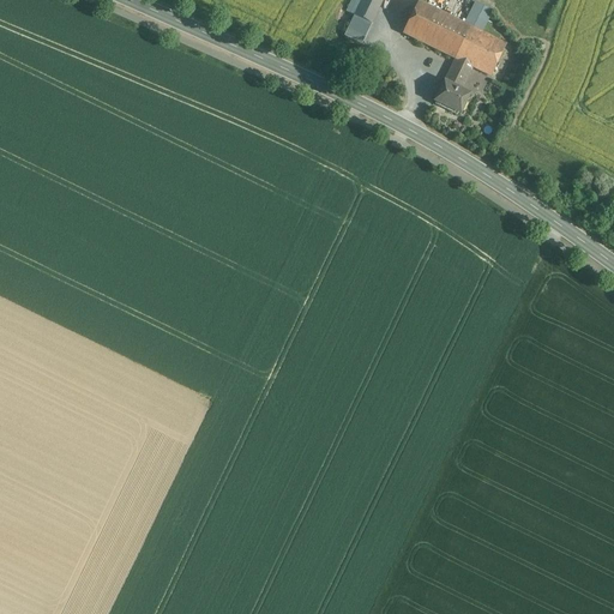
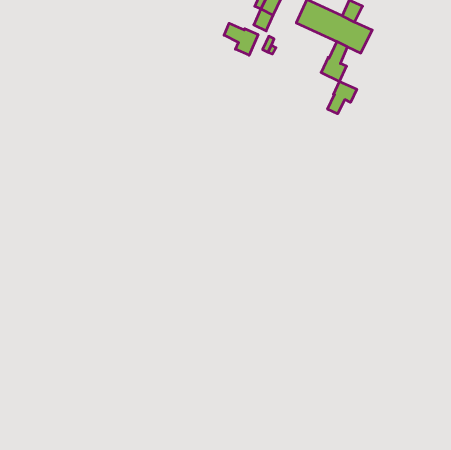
building: none -> [224,23,258,55]
building: none -> [328,81,357,114]

